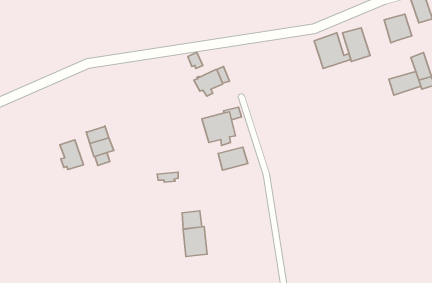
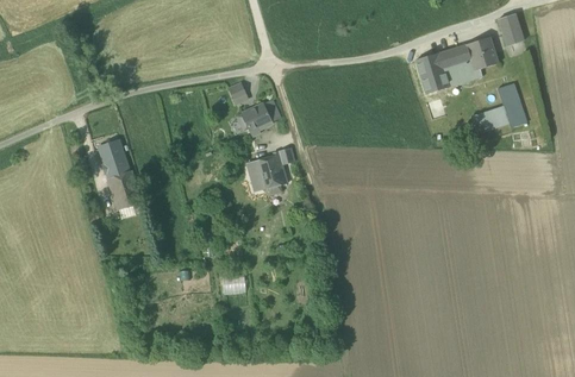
building: [314,33,351,68] -> [438,43,482,86]
building: [60,140,84,170] -> [100,142,129,177]
building: [218,147,248,170] -> none
building: [183,226,207,257] -> none

